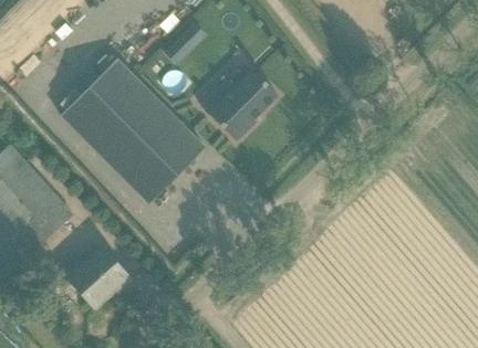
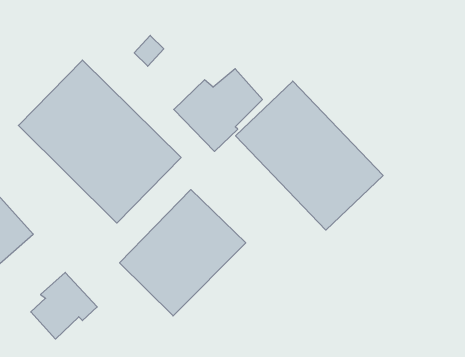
building: none -> [236,81,383,230]
building: none -> [120,190,246,316]

